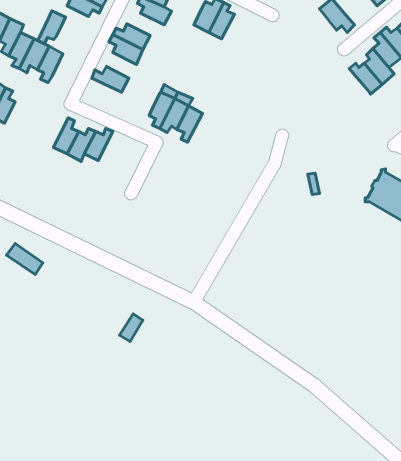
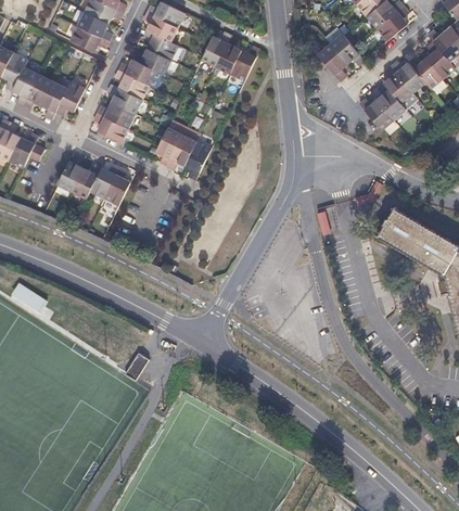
building: none -> [317,43,346,81]
building: [38,11,66,44] -> [56,81,85,115]
building: none -> [229,47,258,81]
building: none -> [132,48,170,74]
building: none -> [107,85,142,114]
building: none -> [93,114,127,142]
building: none -> [8,133,38,167]
building: none -> [103,168,130,205]

